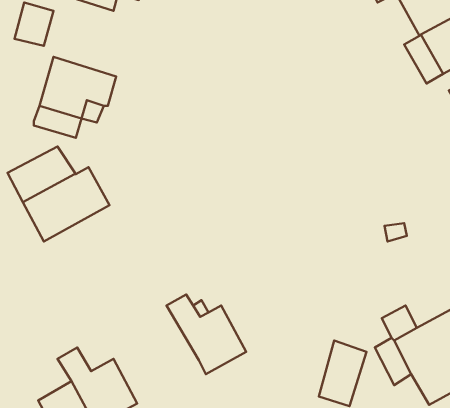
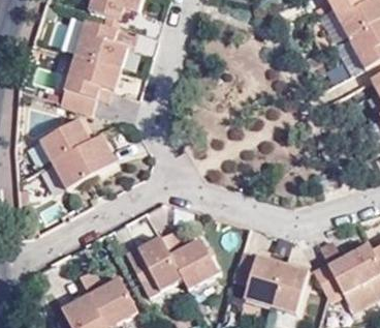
building: none -> [75,21,128,68]
building: none -> [125,238,183,296]
building: none -> [233,250,283,305]

